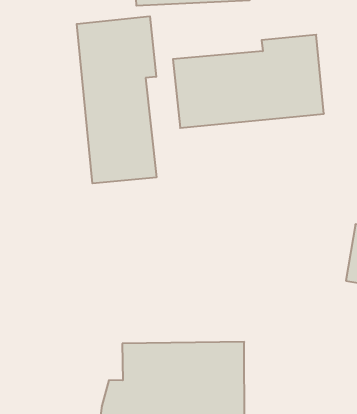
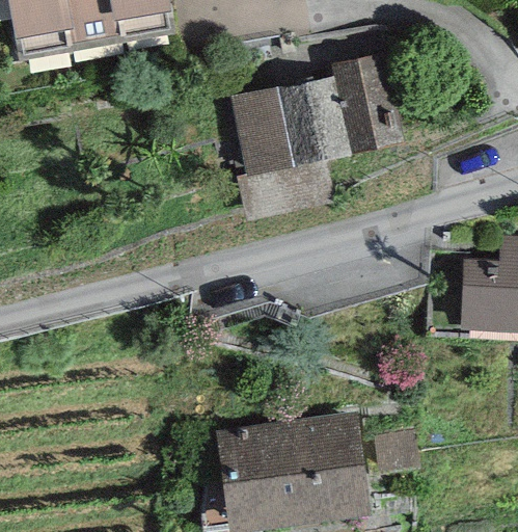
building: [77,16,156,183] -> none

